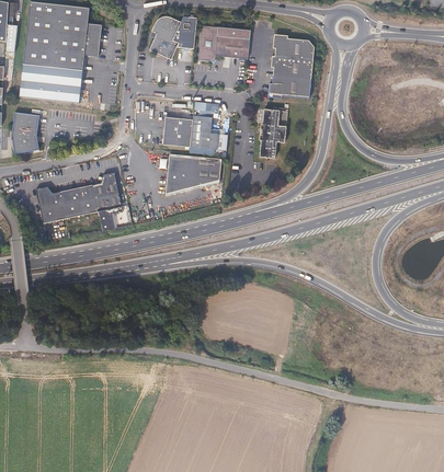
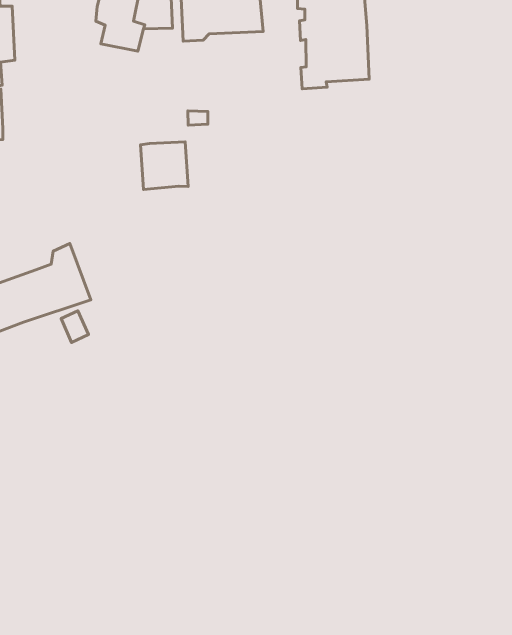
building: [258,108,286,157] -> none
building: [189,115,225,150] -> none
building: [164,153,220,195] -> none

